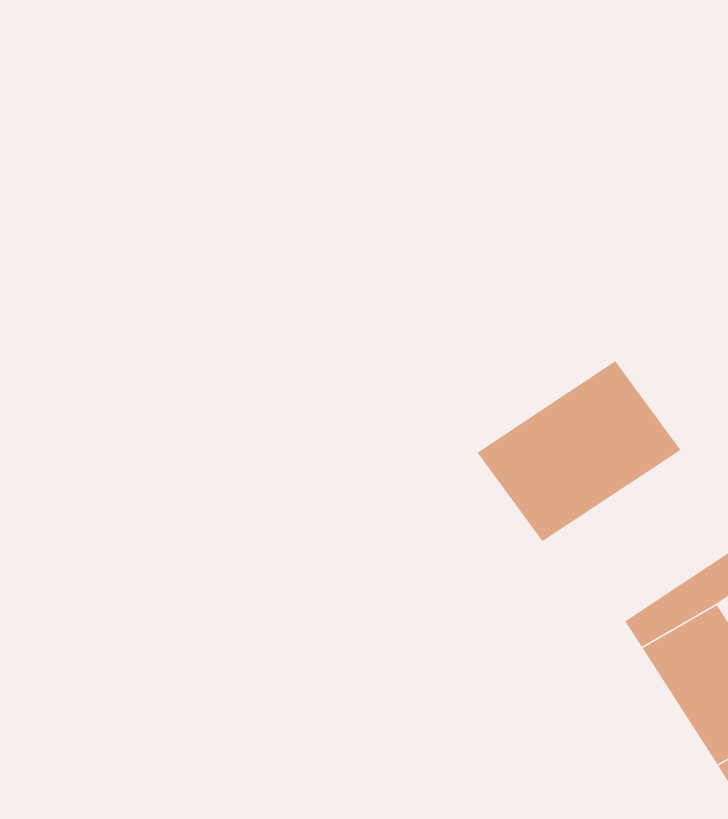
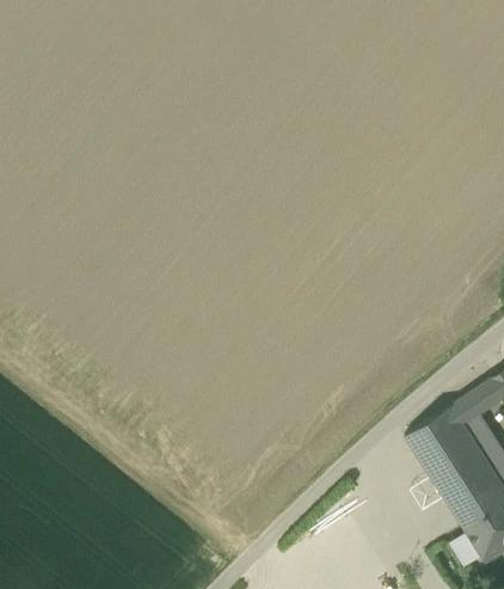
building: [476,360,681,542] -> none

